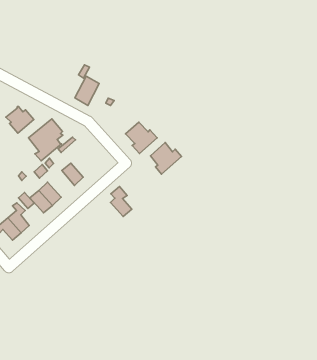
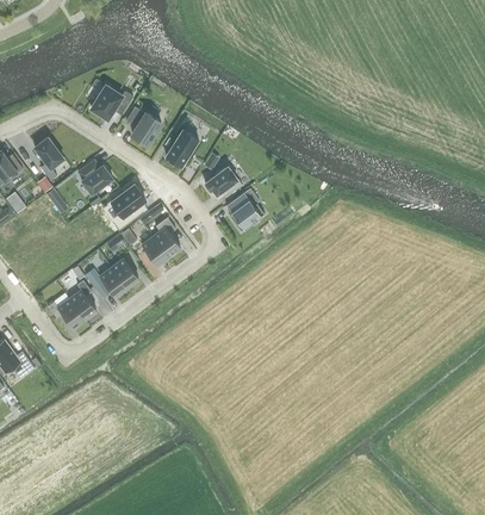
building: none -> [91,85,132,118]
building: none -> [126,107,161,144]
building: none -> [204,166,242,194]
building: [151,143,181,174] -> none
building: [110,186,132,217] -> [154,217,180,255]

